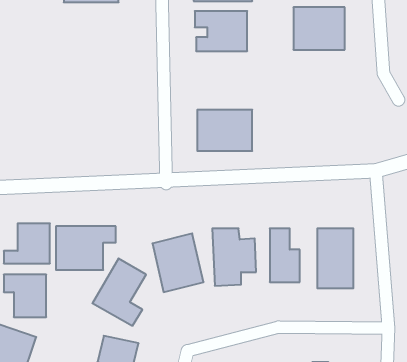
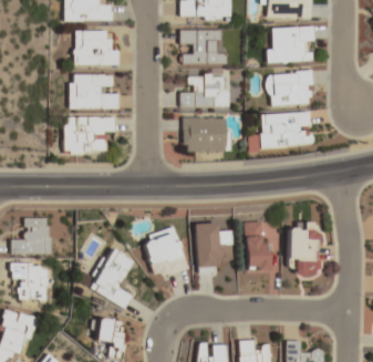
building: none -> [73,30,116,65]
building: none -> [268,70,313,105]
building: none -> [180,73,229,108]
building: none -> [70,75,116,111]
building: none -> [259,111,312,147]
building: [56,226,116,270] -> [63,115,116,154]

